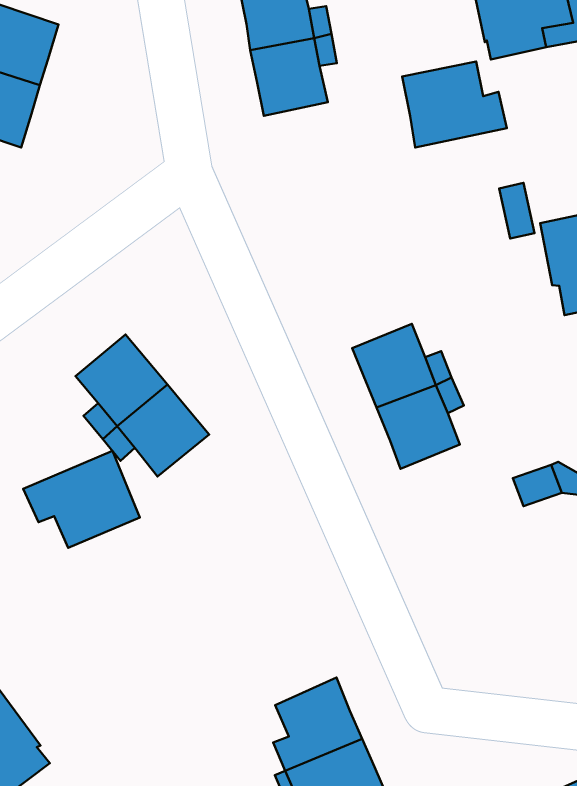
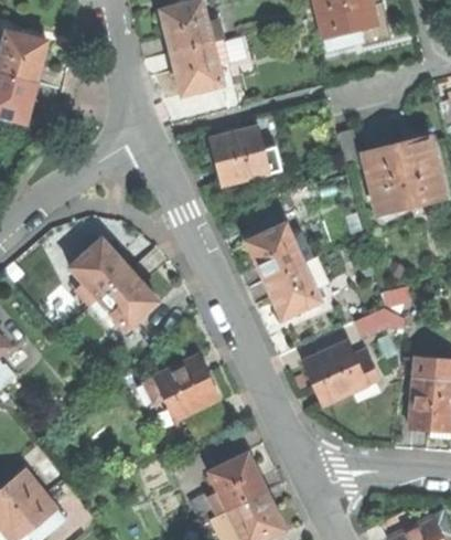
building: [402,62,507,147] -> [211,126,280,183]
building: [23,451,140,548] -> [142,354,218,419]
building: none -> [302,340,376,402]

